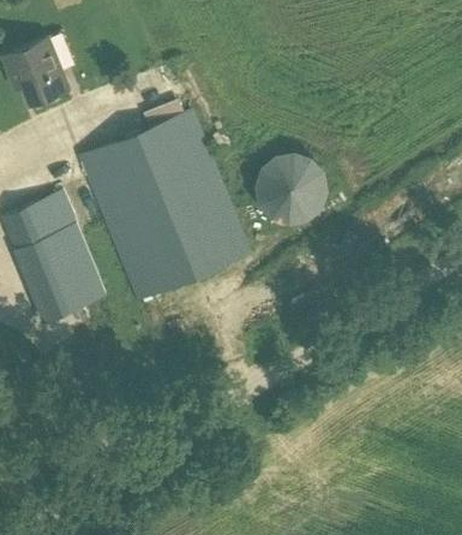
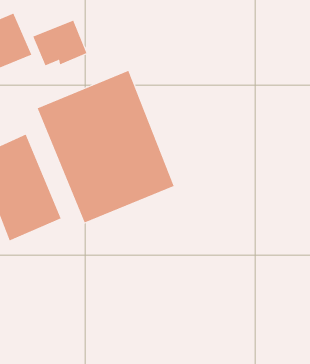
building: none -> [32,20,87,66]
building: [257,153,325,220] -> none

